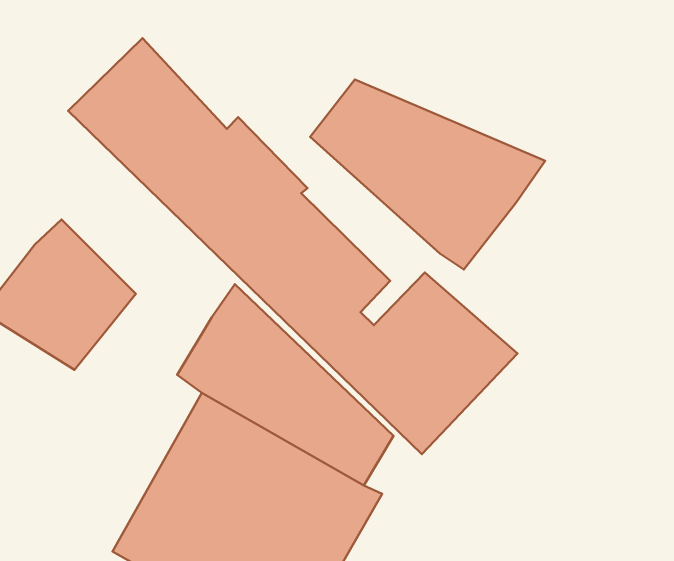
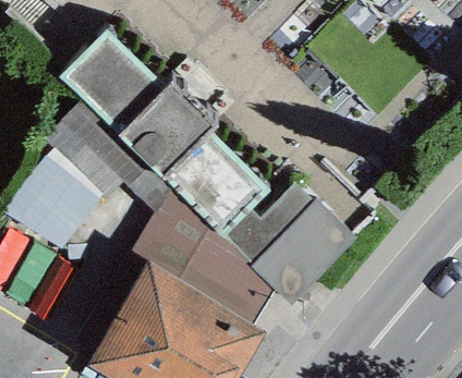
building: [310,79,545,269] -> none
building: none -> [41,103,168,214]

